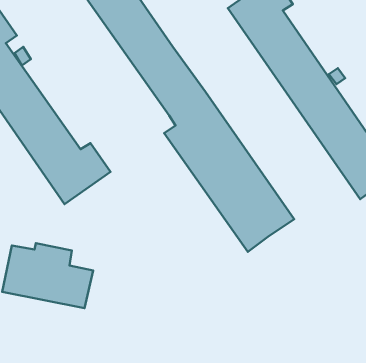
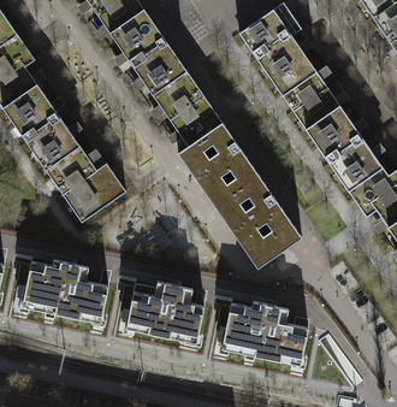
building: none -> [125,276,203,342]
building: none -> [221,301,308,364]

